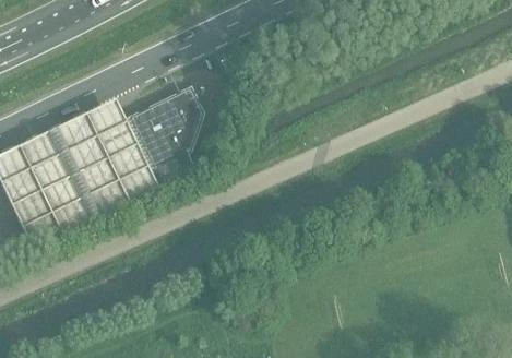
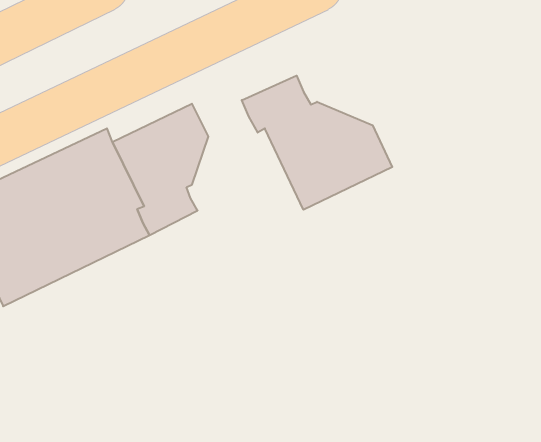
building: none -> [242,76,392,210]

